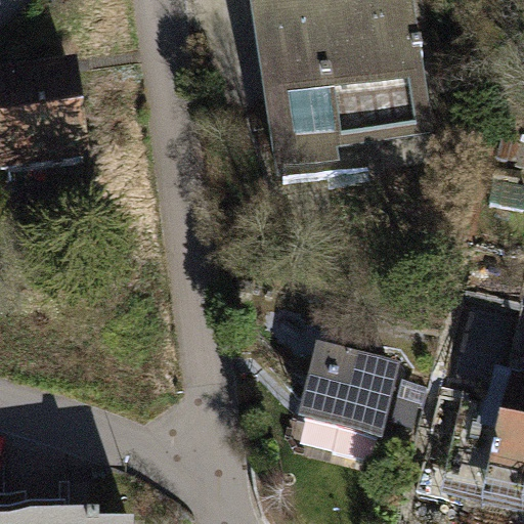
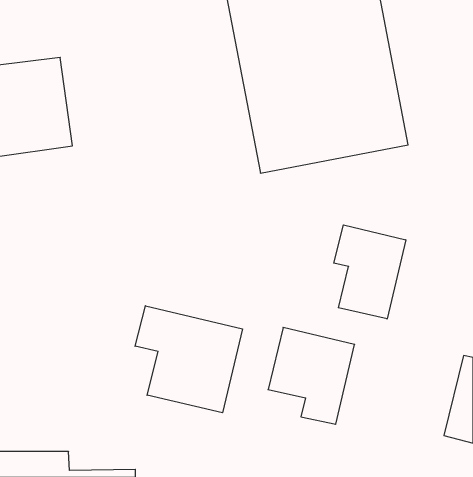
building: none -> [334,225,406,319]
building: none -> [135,306,242,413]

